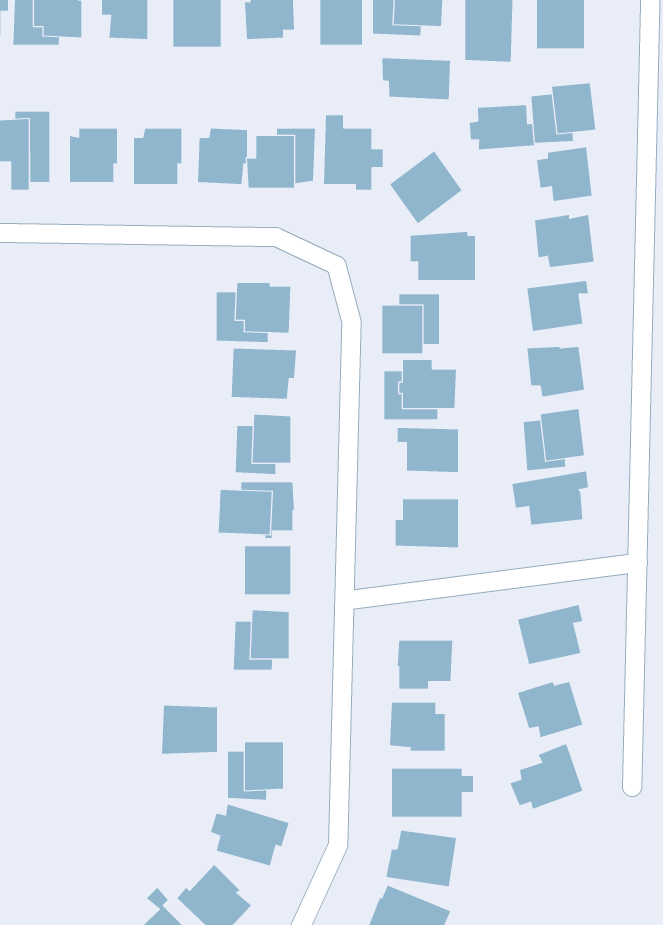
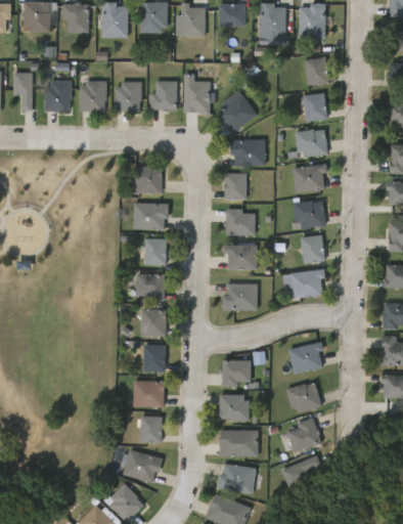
building: [382,57,450,100] -> none
building: [469,105,534,150] -> none
building: [161,705,218,754] -> [133,379,164,405]
building: none -> [283,454,322,486]

